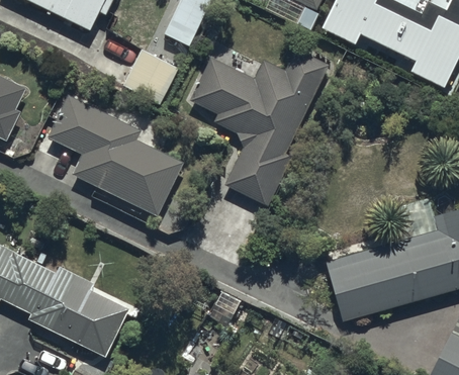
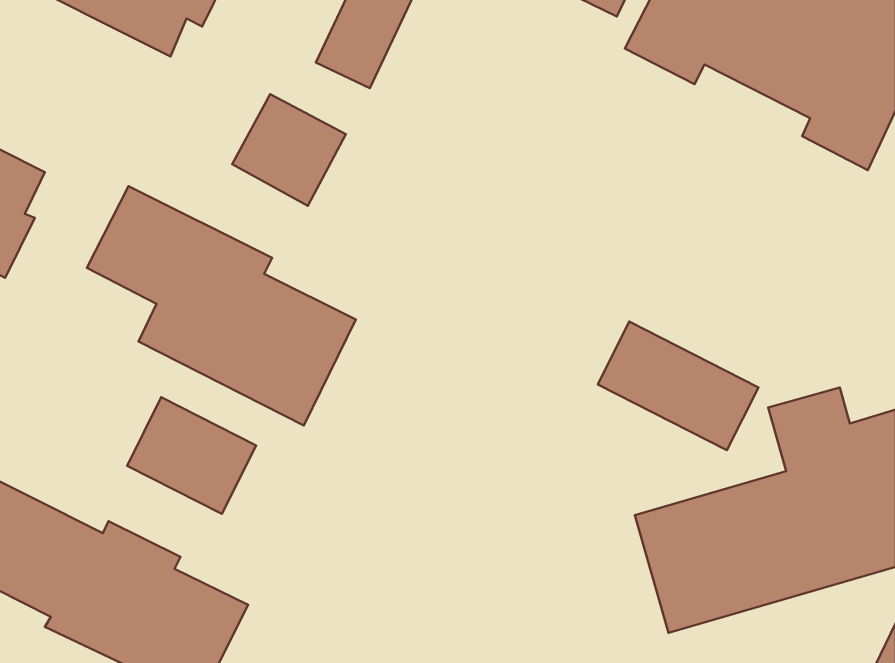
building: [189,40,331,207] -> none
building: none -> [598,322,758,450]
building: none -> [127,397,256,514]

